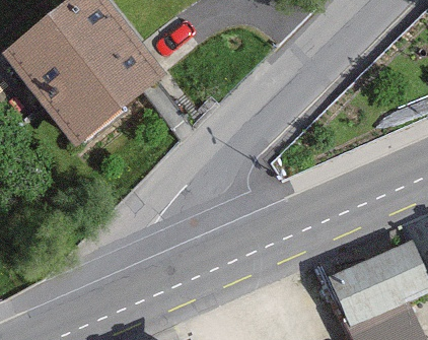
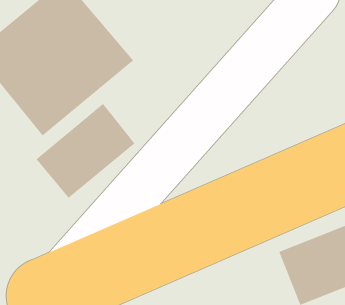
building: none -> [36,103,136,199]

